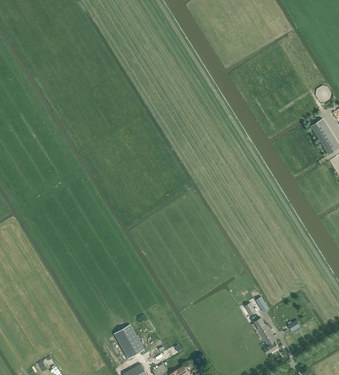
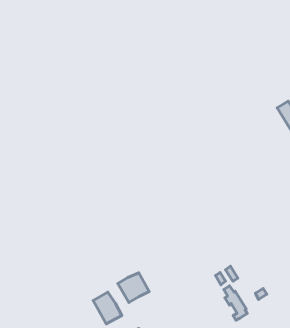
building: none -> [118,273,149,303]

